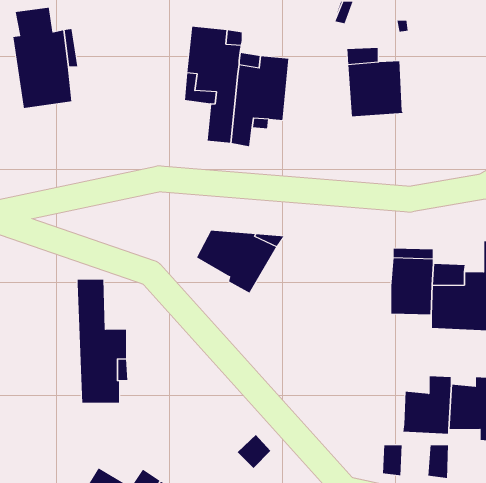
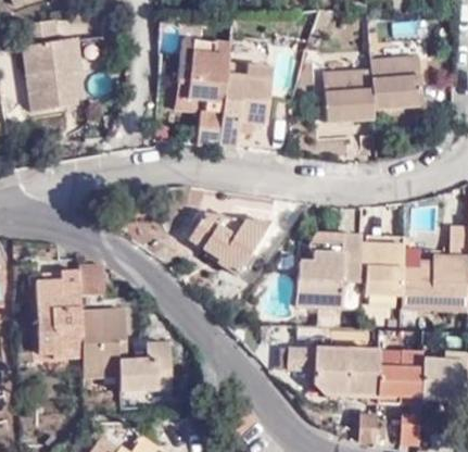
building: none -> [372,53,425,112]
building: none -> [298,236,361,310]
building: none -> [35,269,83,356]
building: none -> [118,343,172,391]
building: none -> [284,349,379,398]

